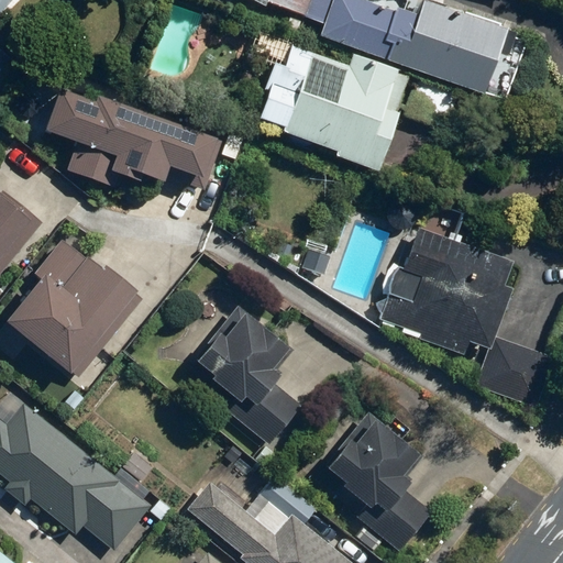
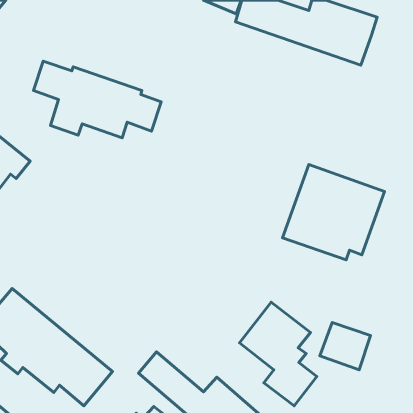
building: [260,46,407,172] -> none
building: [10,238,141,372] -> none
building: [192,303,301,449] -> none
building: [478,341,547,405] -> [320,322,370,370]

